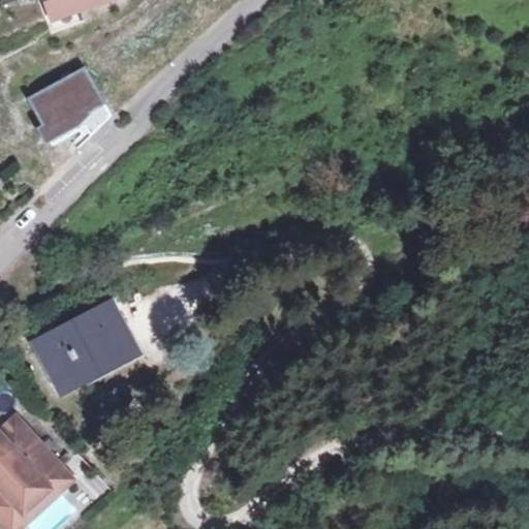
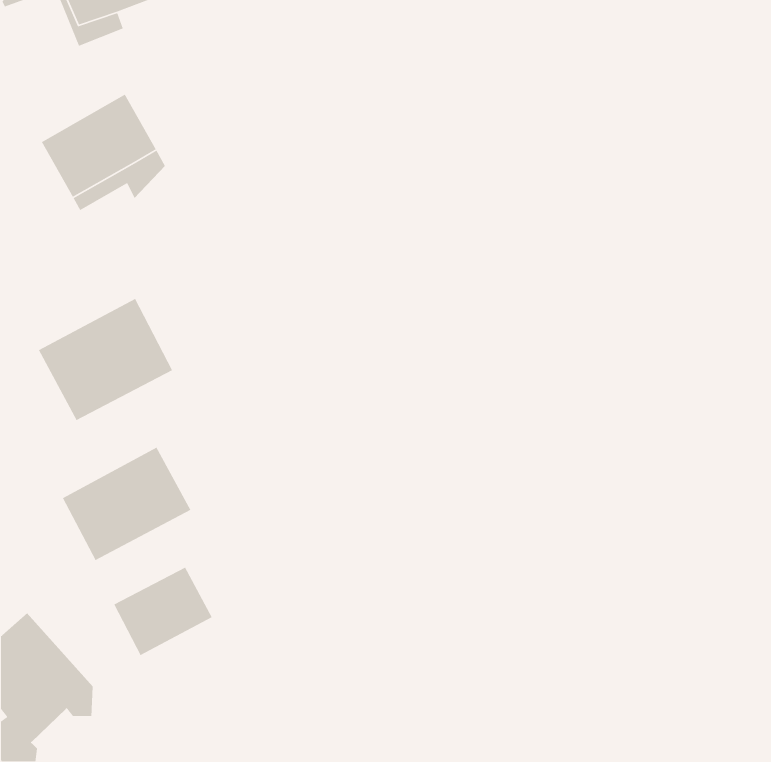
building: none -> [38,298,173,421]
building: none -> [113,566,213,656]

